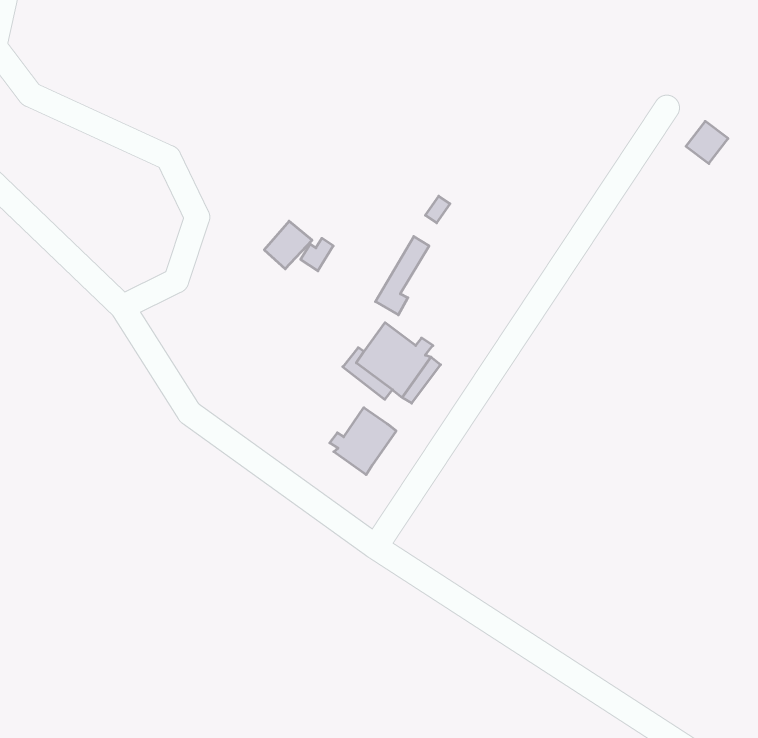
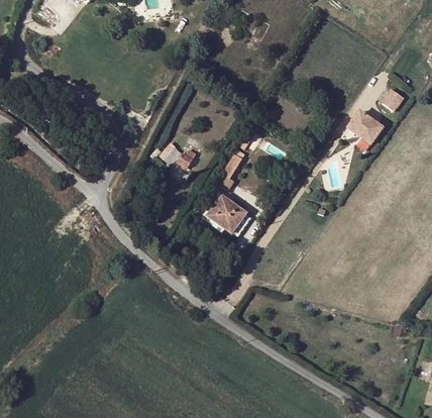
building: none -> [348,111,383,143]
building: [330,408,396,475] -> none

